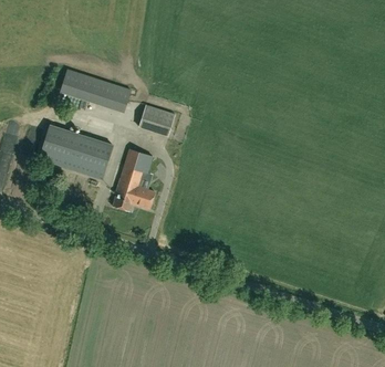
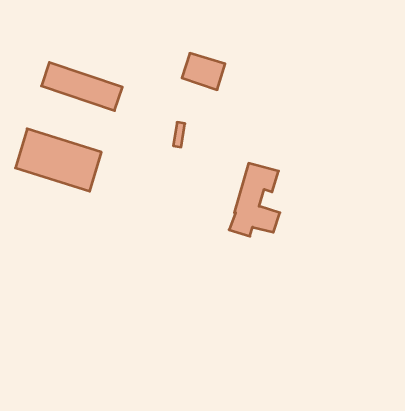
building: [139,105,176,136] -> [182,53,225,90]
building: [113,149,156,211] -> [229,163,280,236]

